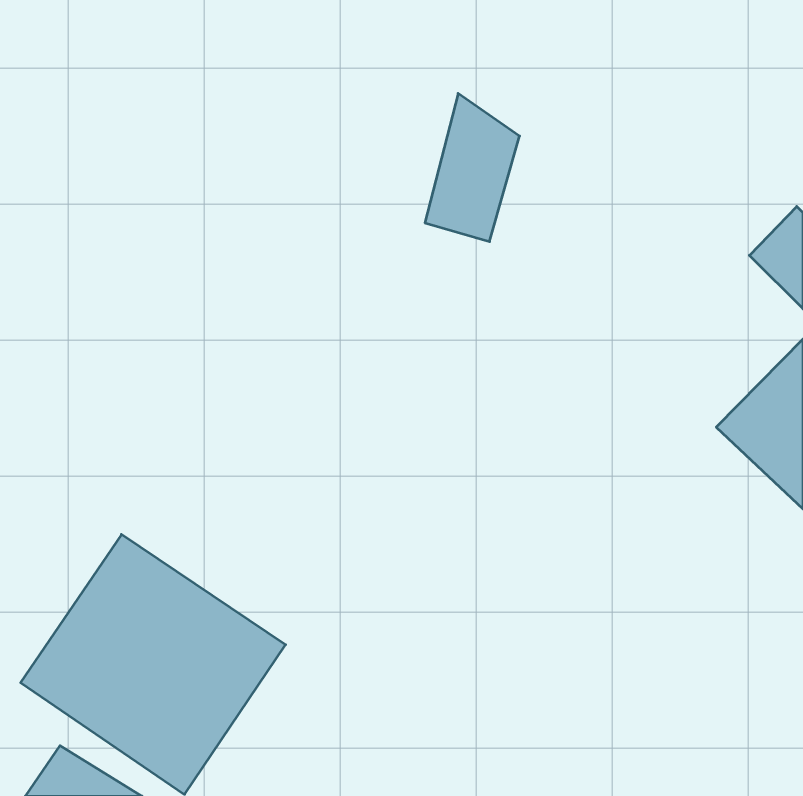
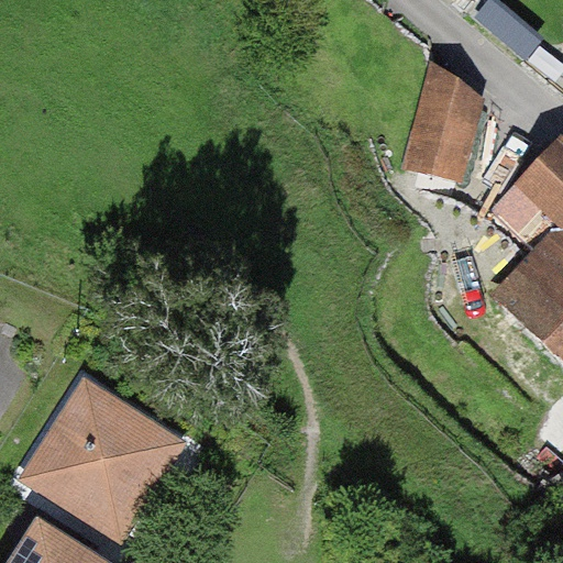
building: [425,93,520,242] -> [411,70,477,174]

